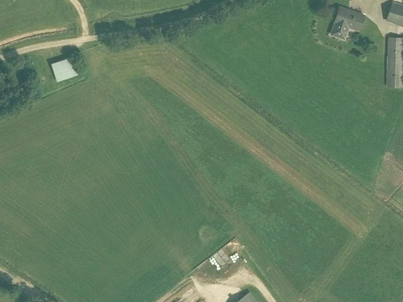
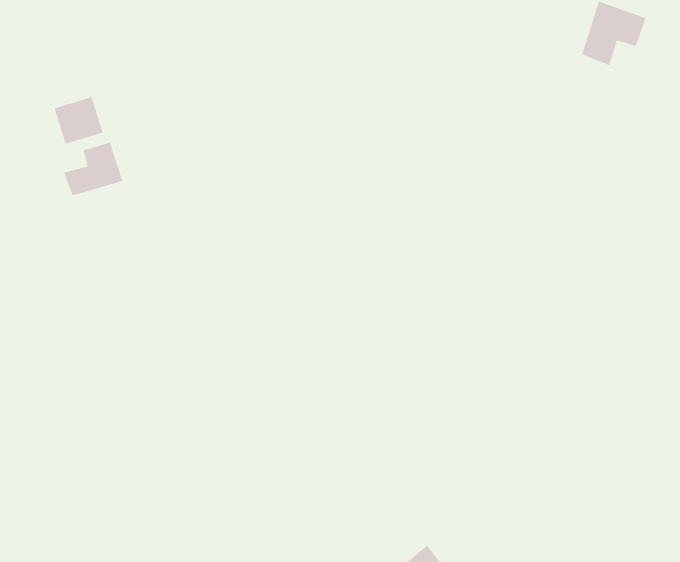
building: none -> [64,142,123,196]

